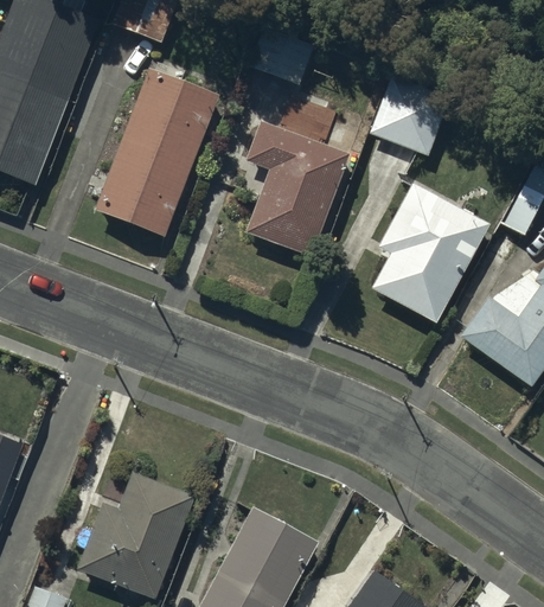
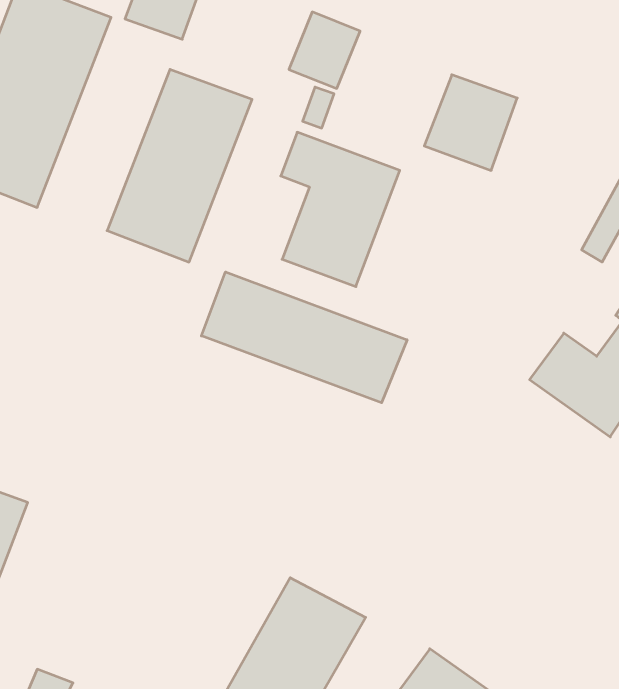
building: [371,181,492,324] -> none
building: none -> [201,272,407,403]
building: [77,472,193,599] -> none

